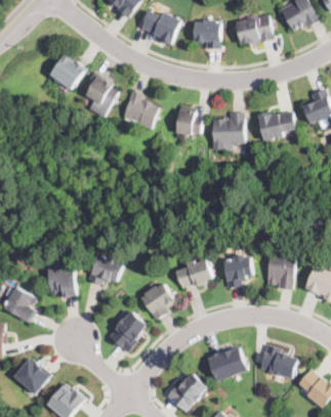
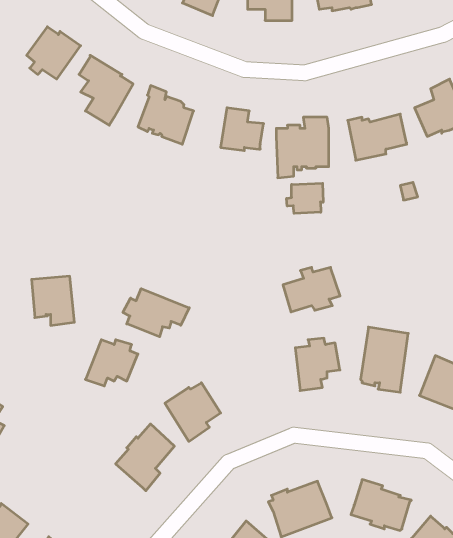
building: none -> [287,183,323,213]
building: none -> [123,289,189,337]
building: [174,259,211,288] -> [283,267,340,312]
building: [48,266,76,298] -> [32,276,74,325]

